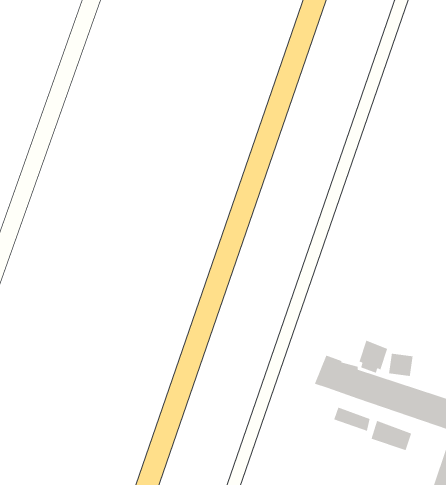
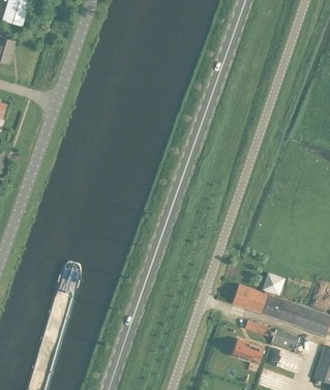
building: none -> [231,338,263,361]

